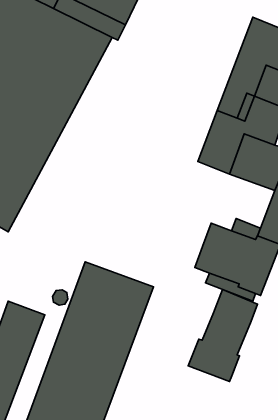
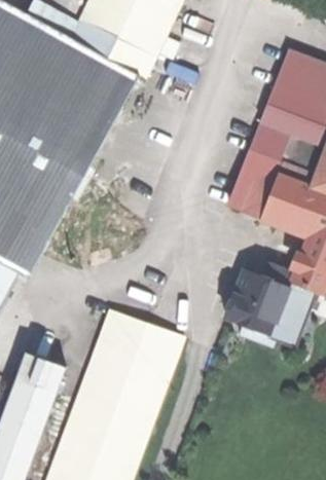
building: [188,290,258,381] -> none

